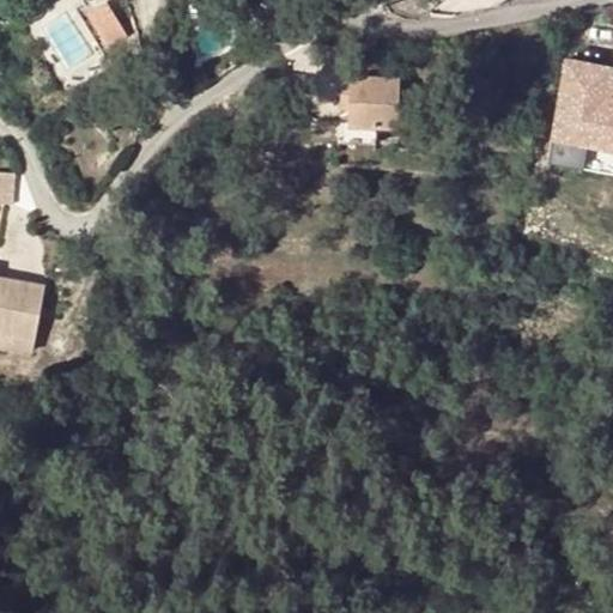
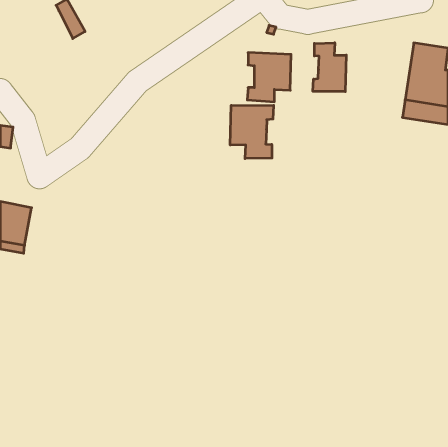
building: none -> [313,43,346,92]
building: none -> [230,105,274,159]

